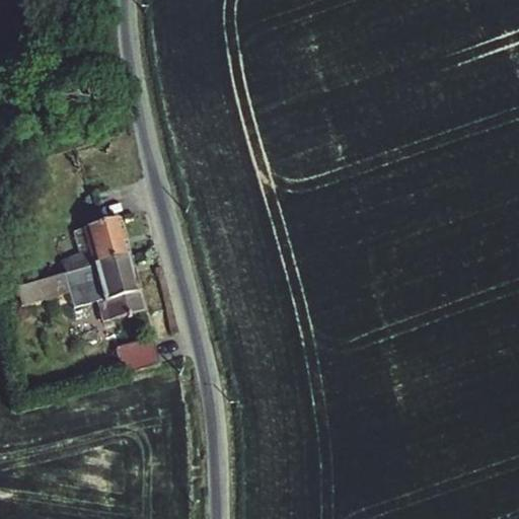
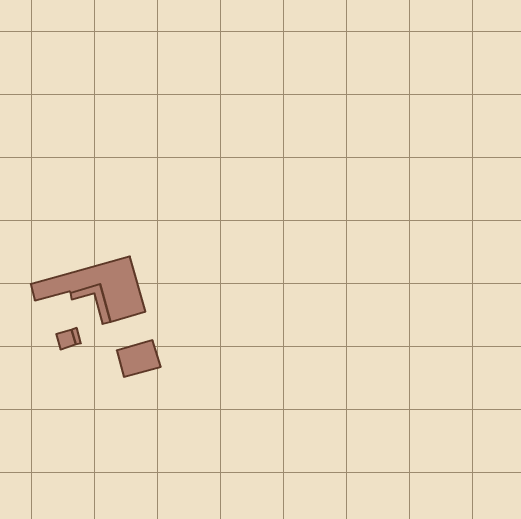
building: [61,217,129,273] -> none

